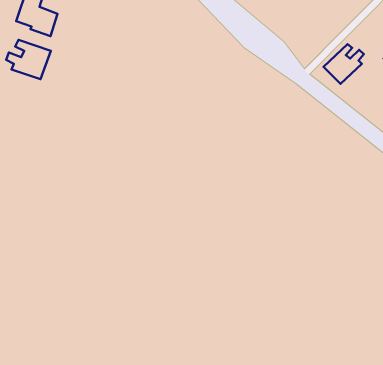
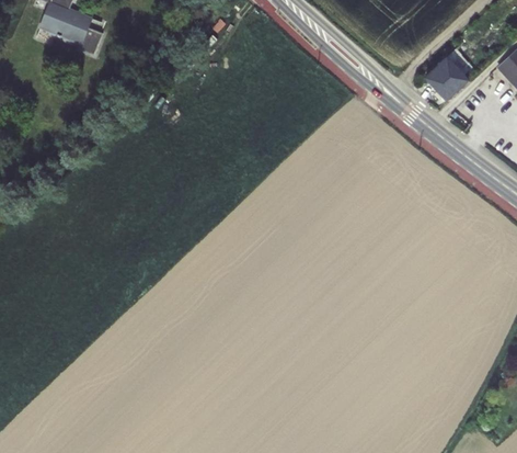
building: [6,40,51,79] -> none

